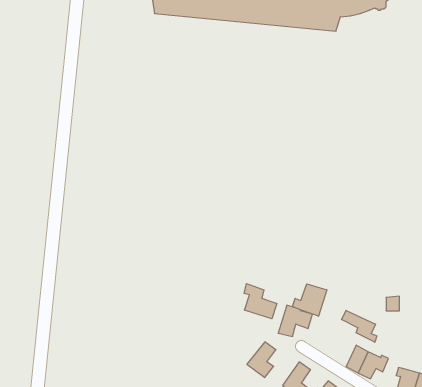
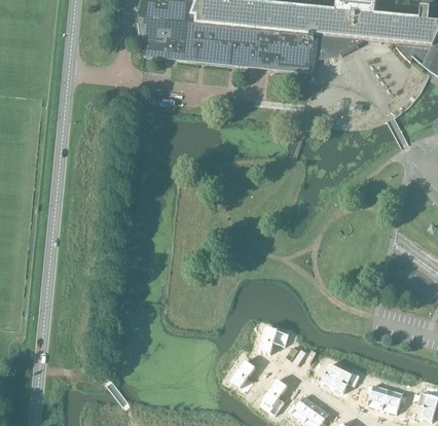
building: [244,284,277,319] -> none
building: [292,284,327,316] -> none
building: [342,310,377,342] -> none

